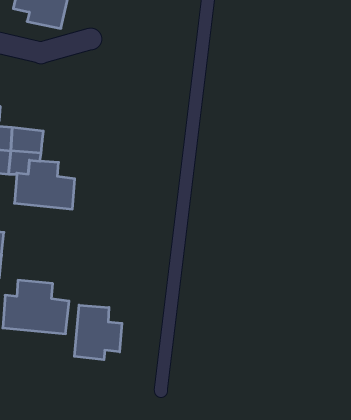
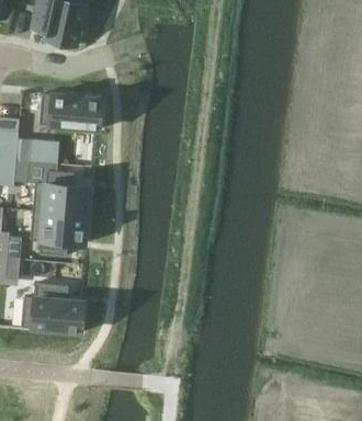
building: none -> [38,94,101,130]
building: none -> [30,211,87,255]
building: [74,305,122,360] -> none

